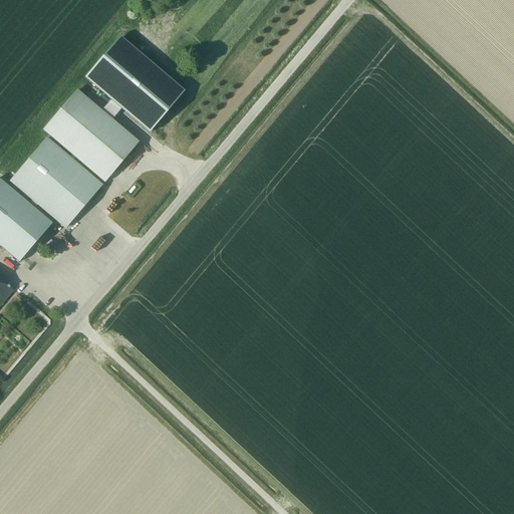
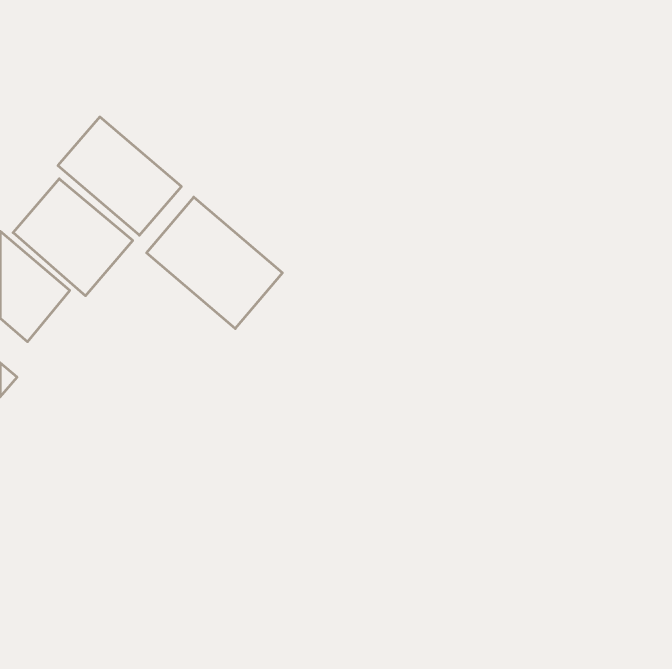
building: [86,34,187,132] -> none
building: none -> [147,197,282,329]

